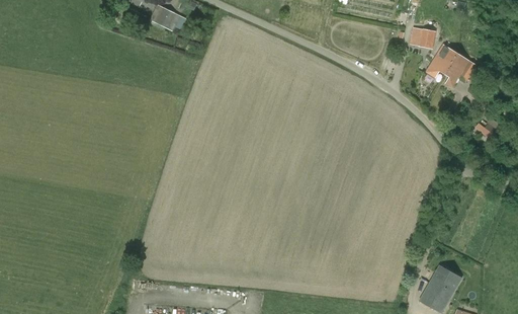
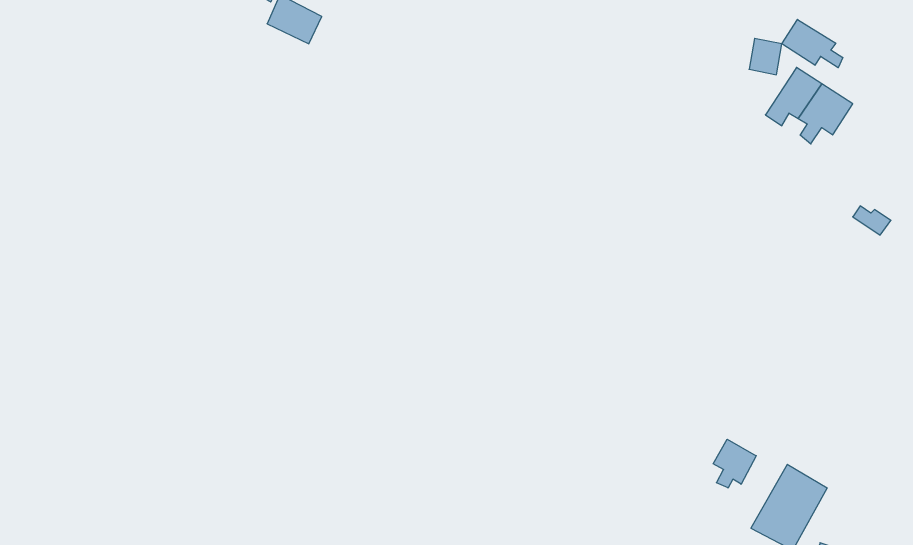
building: none -> [782,19,843,68]
building: none -> [713,439,756,488]

